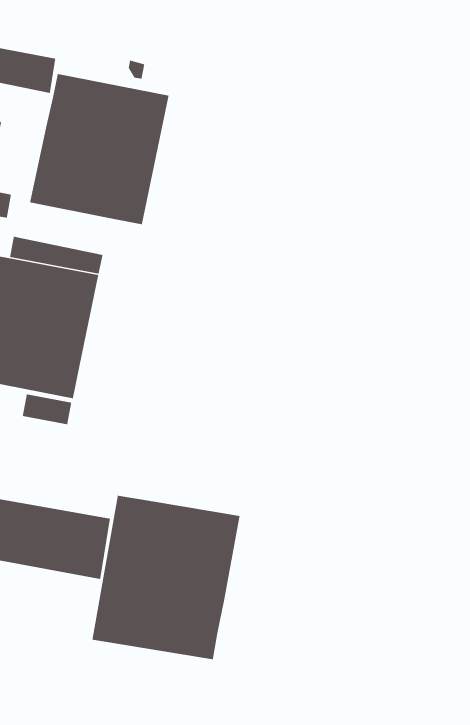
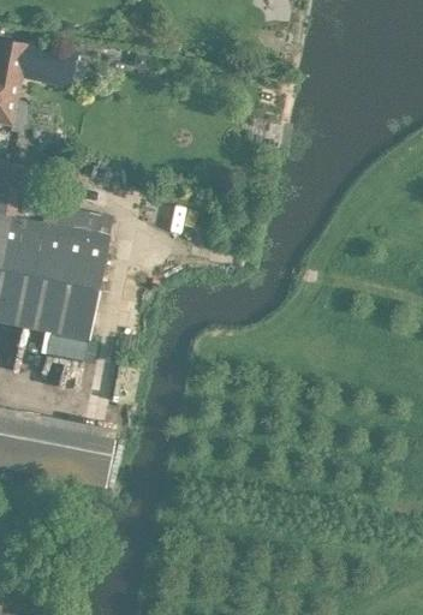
building: [29,73,169,225] -> none
building: [92,495,241,660] -> none

